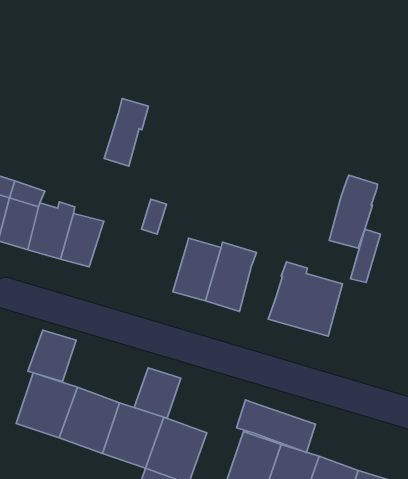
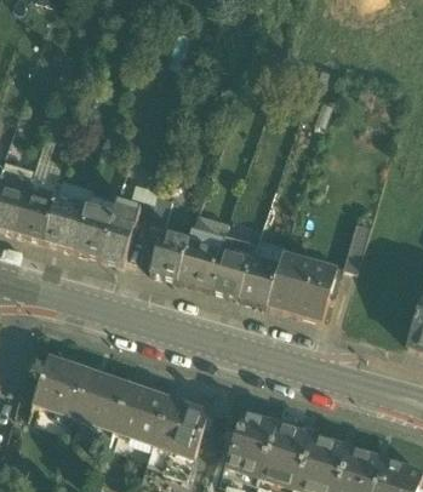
building: [104,98,148,166] -> [99,201,141,264]
building: [329,175,378,248] -> [239,238,284,305]
building: none -> [149,231,190,280]
building: [28,330,76,382] -> none
building: [134,368,181,418] -> none
building: [236,400,316,452] -> none

